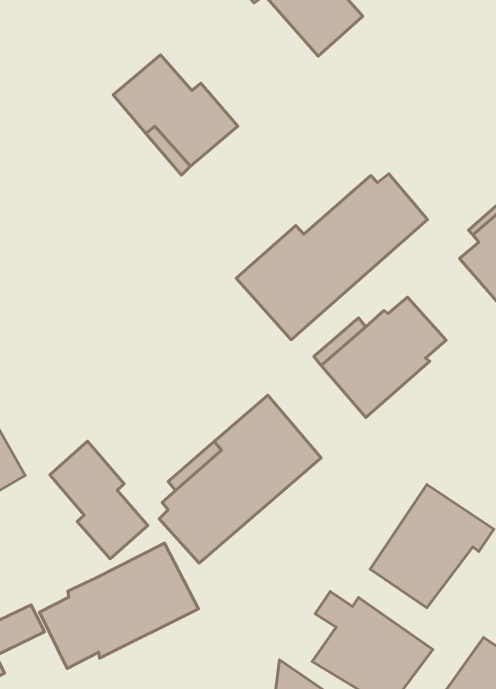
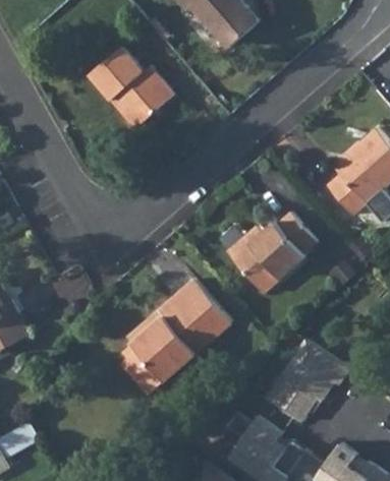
building: [236,174,427,340] -> none
building: [50,441,148,559] -> none
building: [40,543,199,669] -> none

